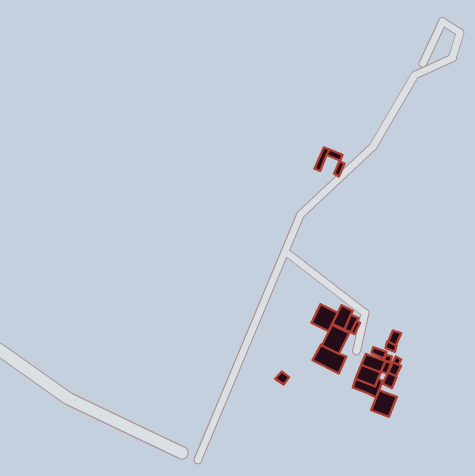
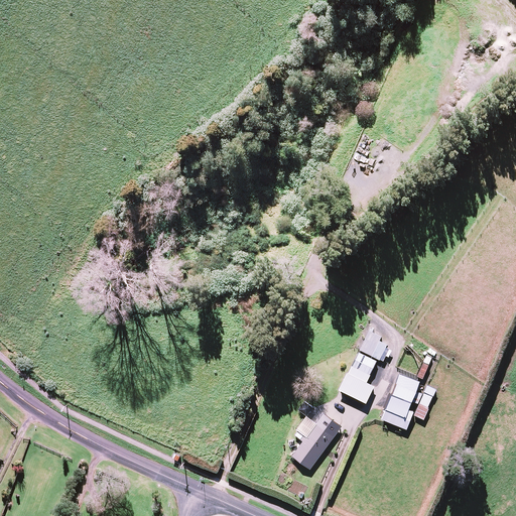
building: [311,304,338,331] -> none
building: [371,390,397,417] -> none
building: none -> [291,422,334,469]

